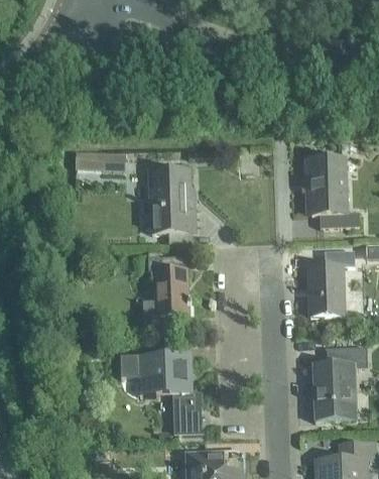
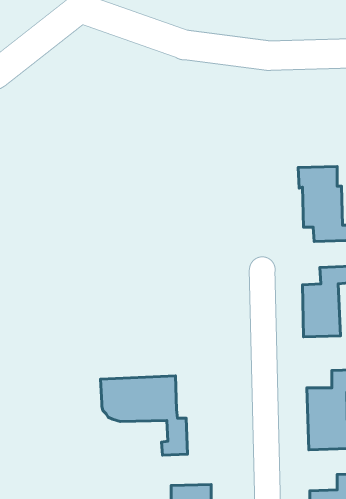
building: [75,151,125,169] -> none
building: [149,168,195,231] -> none
building: [144,255,190,325] -> none

